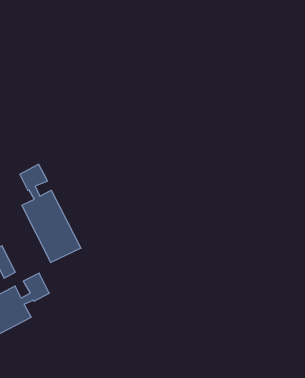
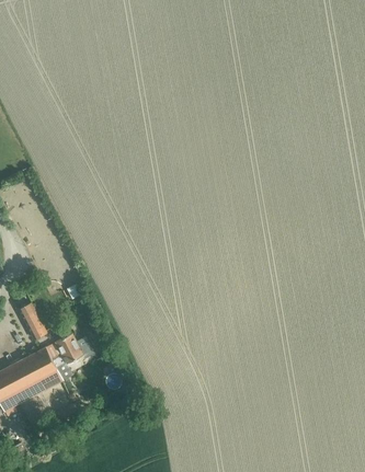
building: [20,164,81,263] -> none

